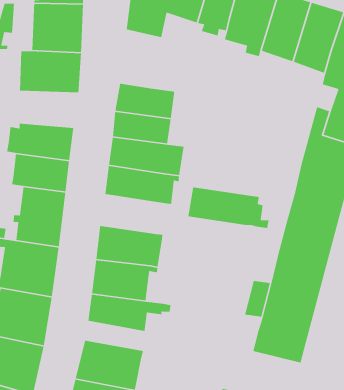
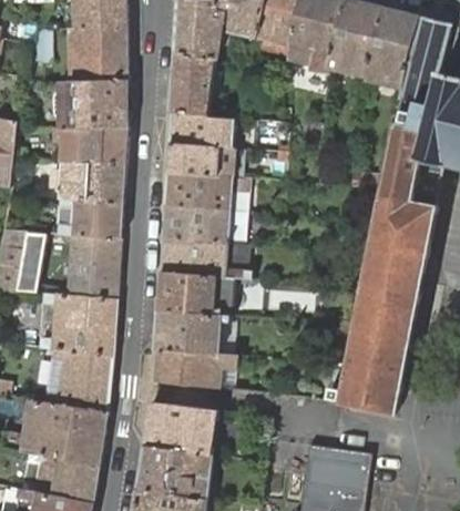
building: none -> [172,51,215,114]
building: none -> [52,125,127,164]
building: [188,186,269,229] -> [160,237,252,279]

